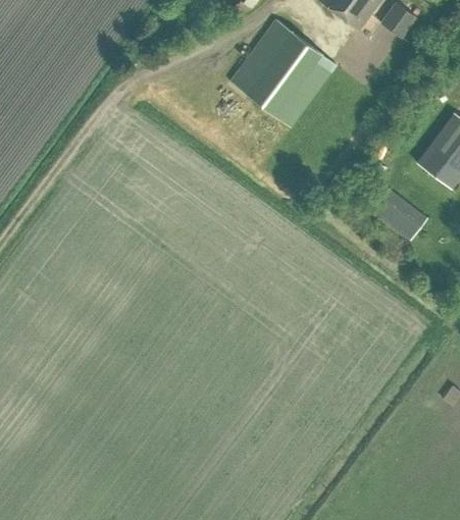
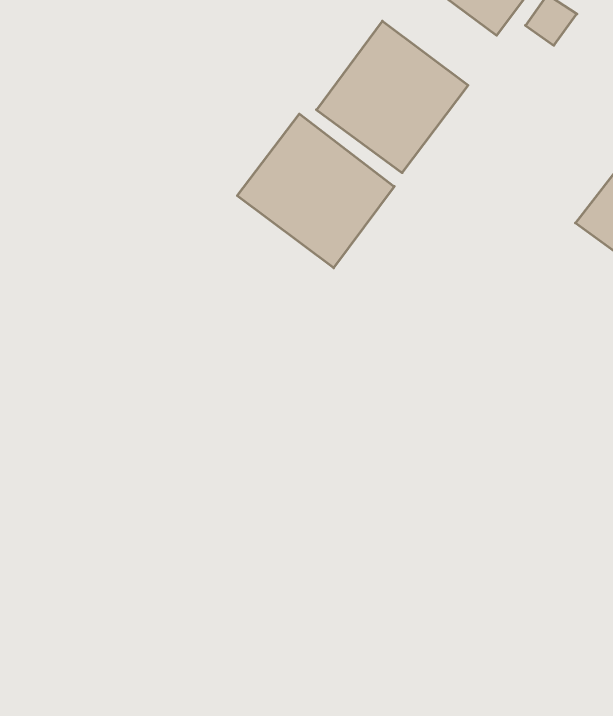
building: none -> [237,114,394,268]
building: [371,190,430,245] -> none

